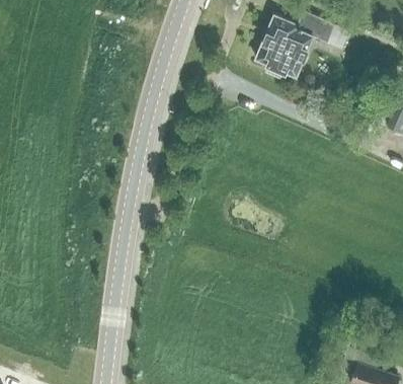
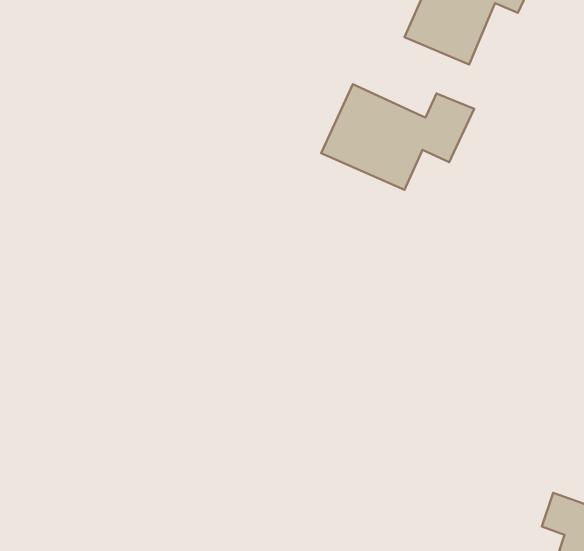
building: none -> [321,84,474,190]

